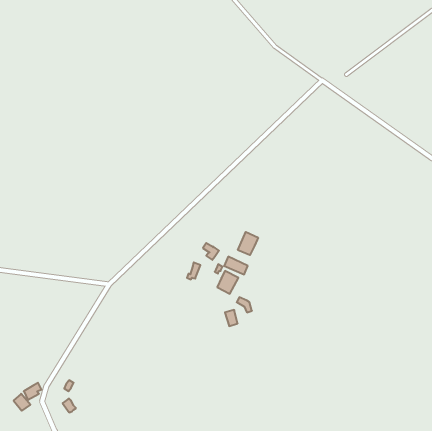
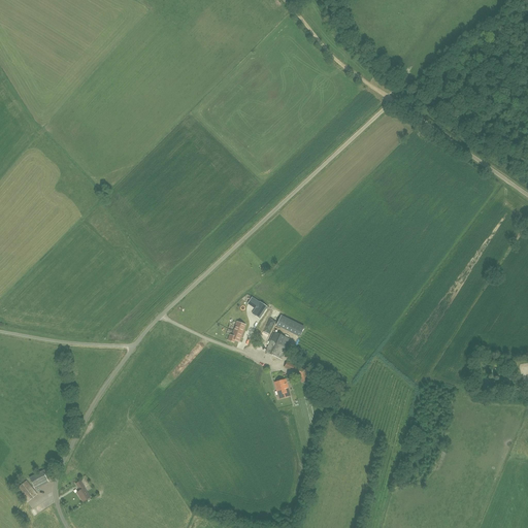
building: [238,232,258,255] -> none

